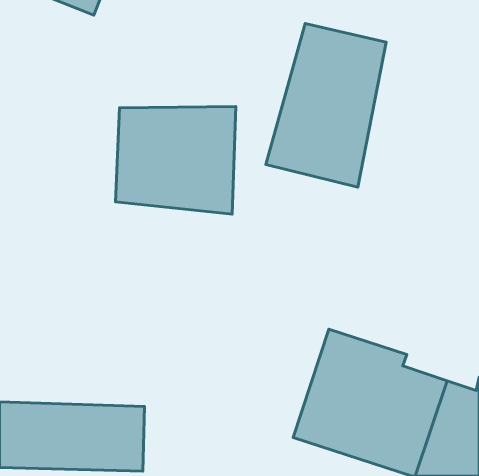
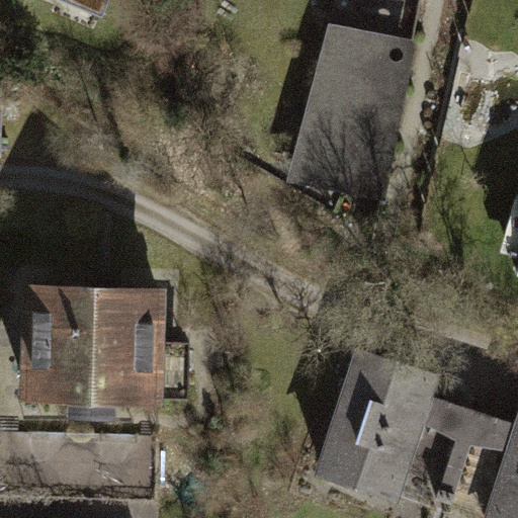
building: [115,106,236,214] -> none
building: none -> [15,280,166,414]

